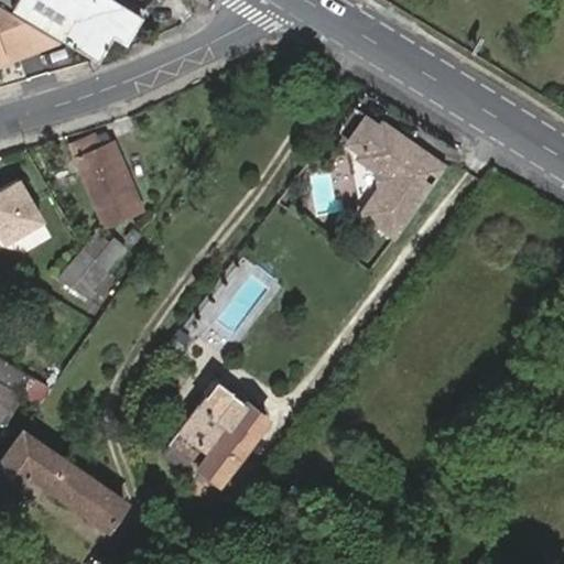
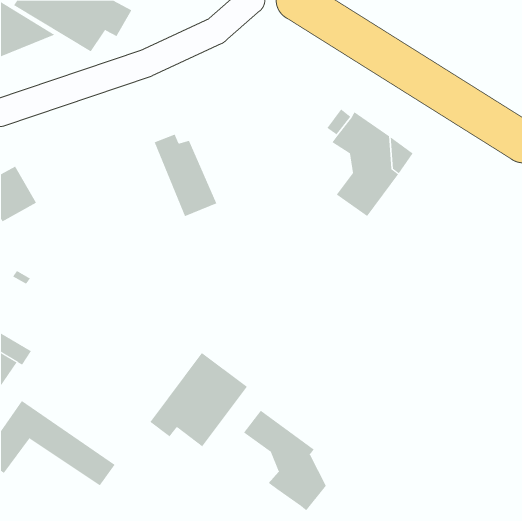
building: [73,137,141,226] -> [154,134,217,217]
building: [57,227,126,303] -> none
building: none -> [243,410,326,511]

